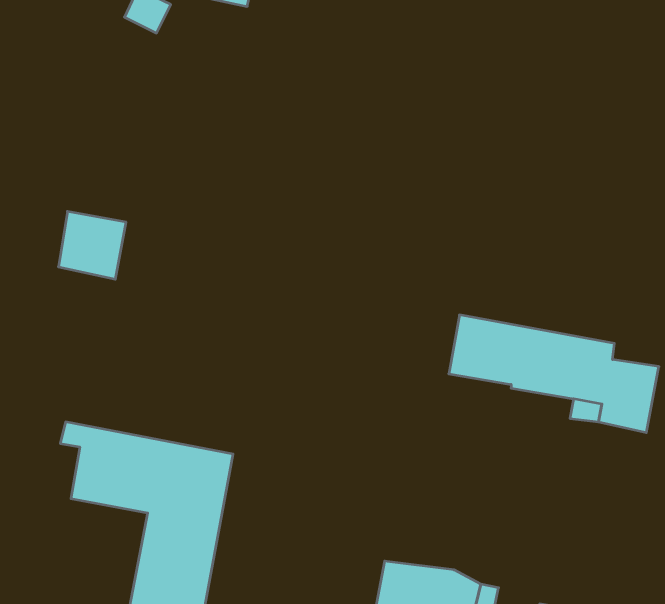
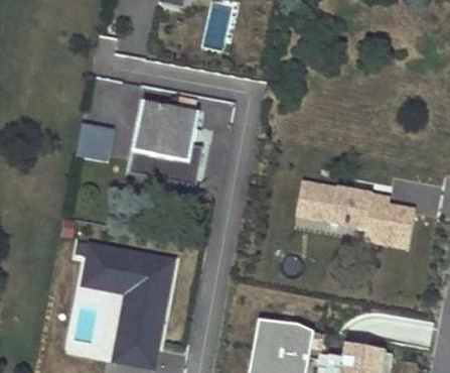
building: none -> [133,100,199,161]

